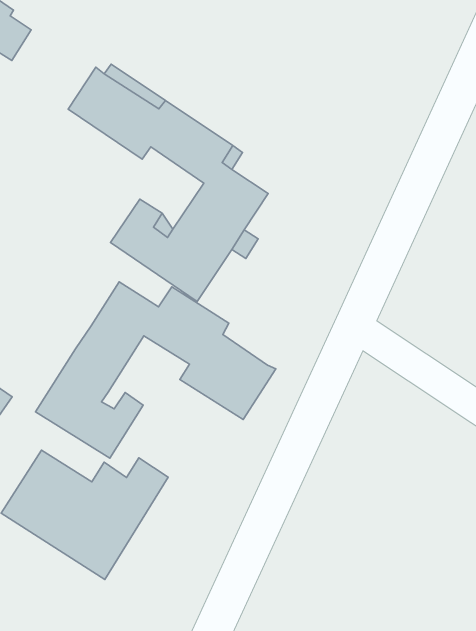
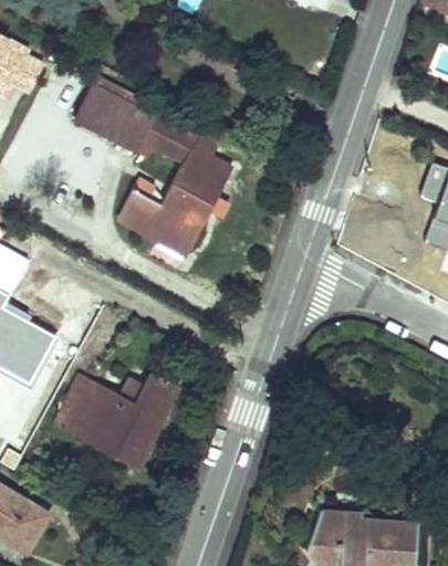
building: [36,282,276,458] -> none

